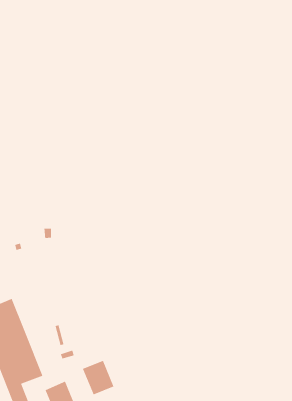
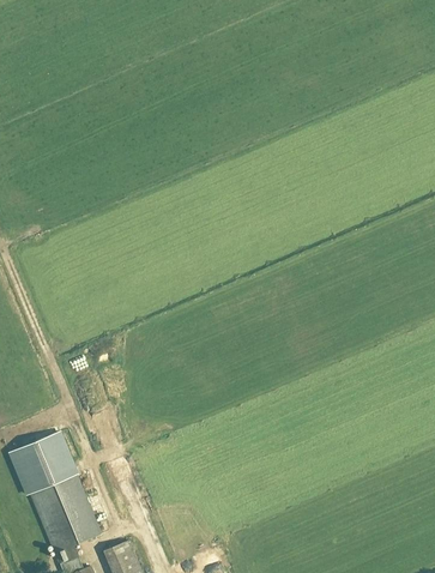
building: [82,360,115,395] -> none

